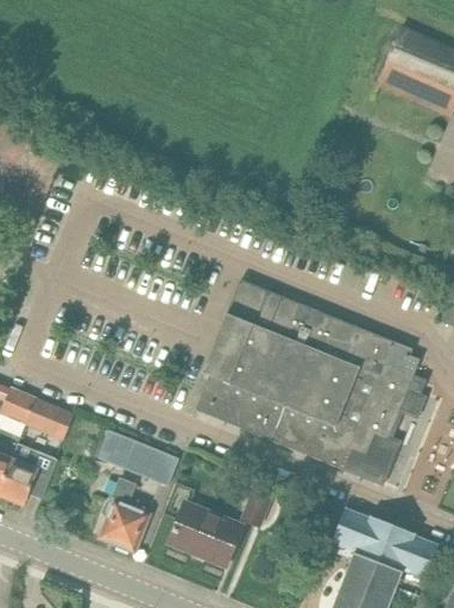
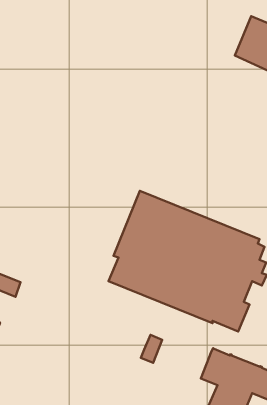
building: [99,431,178,484] -> none
building: [99,477,151,552] -> none
building: [169,501,242,566] -> none

